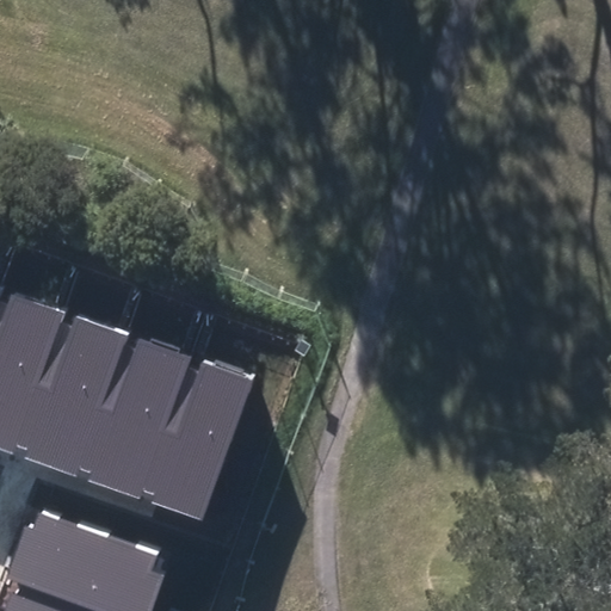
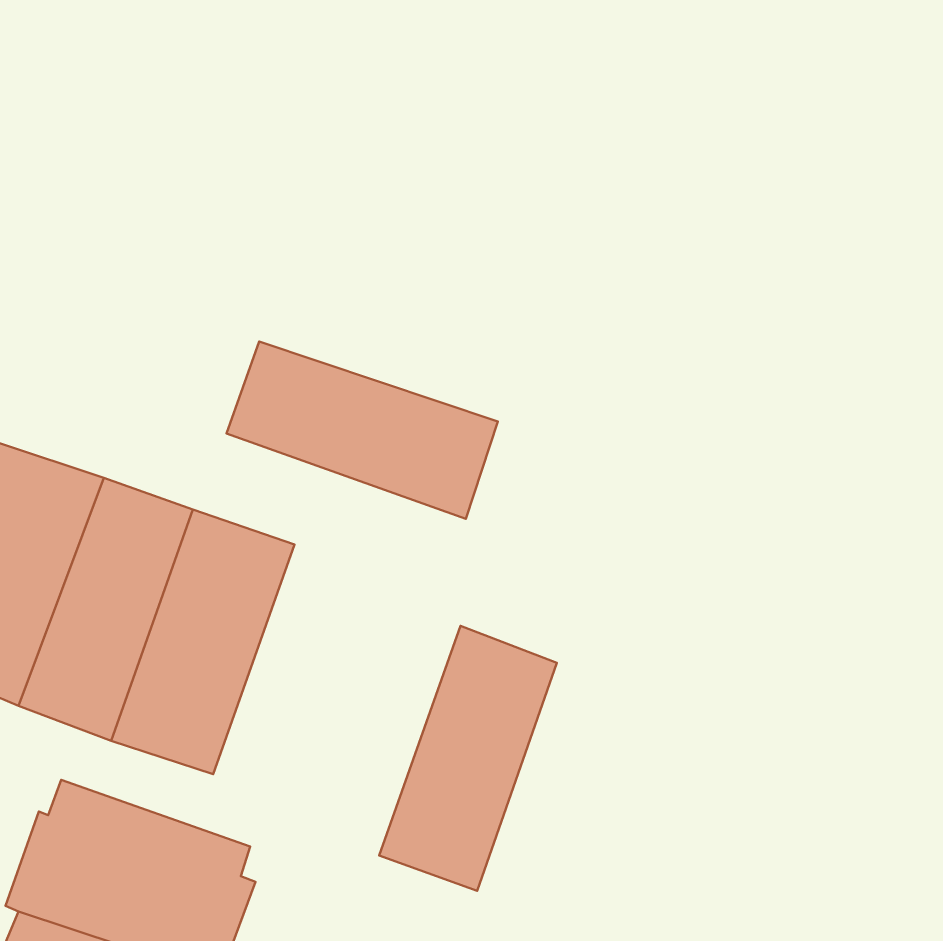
building: none -> [227,341,498,519]
building: [137,354,252,525] -> [379,626,557,891]

